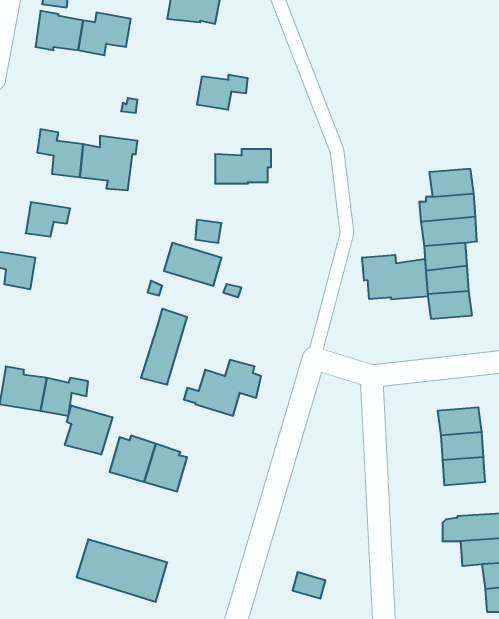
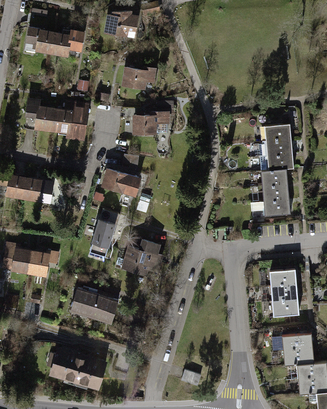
building: [26,202,70,237] -> [22,178,49,199]
building: [362,255,428,299] -> none
building: [65,405,112,455] -> none

